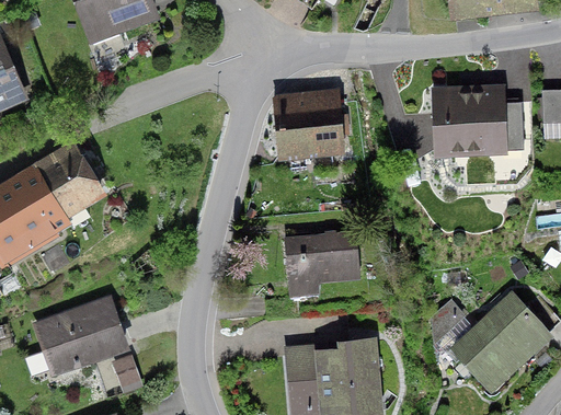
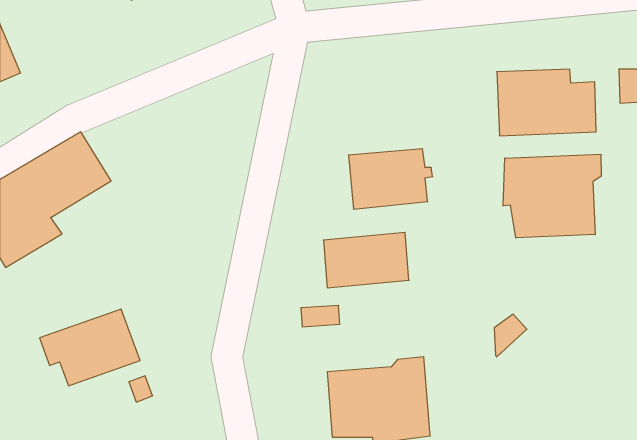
building: [274,97,347,150] -> [348,149,433,209]
building: none -> [503,154,601,238]
building: [455,293,547,380] -> none

